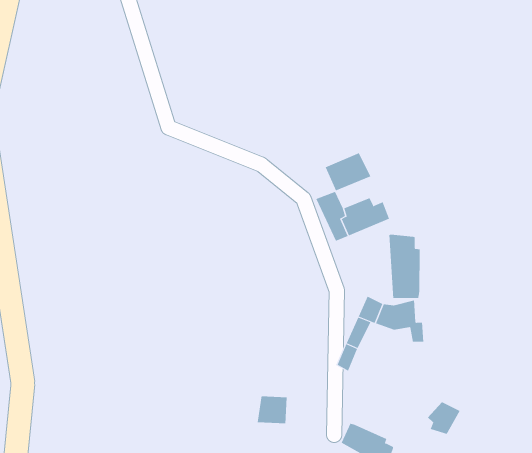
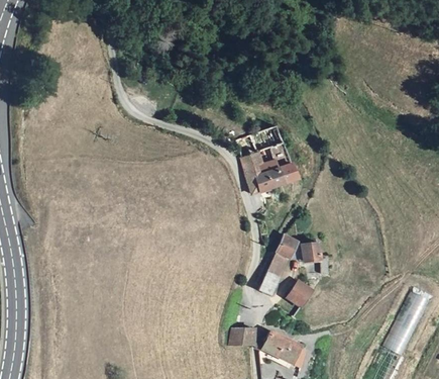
building: [389,234,420,299] -> none
building: [257,396,287,424] -> [234,325,257,347]
building: [427,401,460,435] -> [287,280,312,305]

